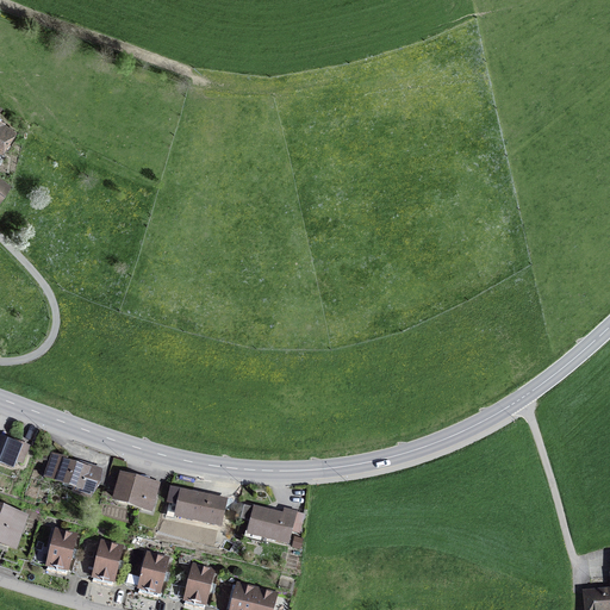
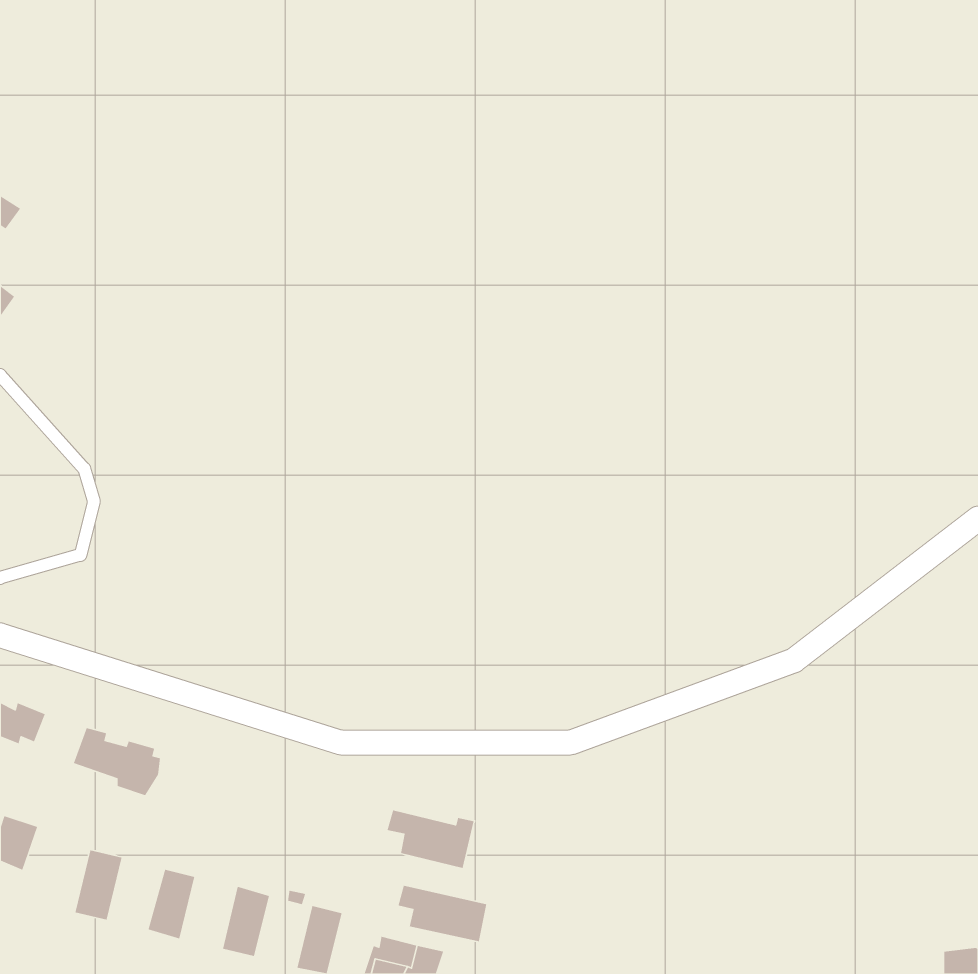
building: [116,473,157,508] -> none
building: [169,487,225,523] -> [397,885,487,942]

